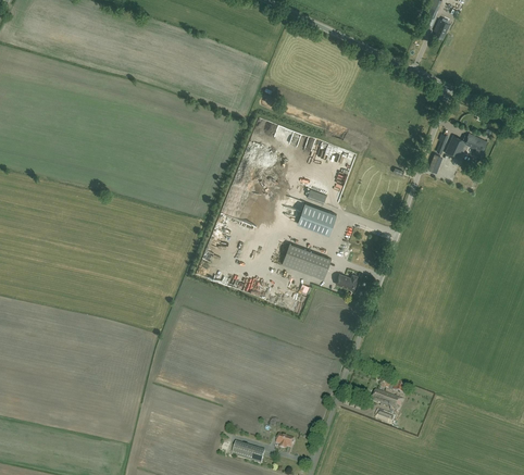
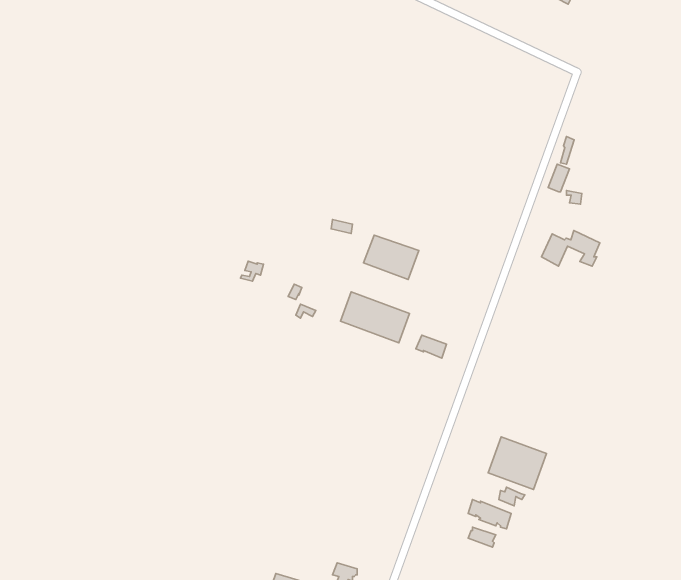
building: [446,134,487,159] -> [541,231,600,266]
building: none -> [488,437,547,489]

